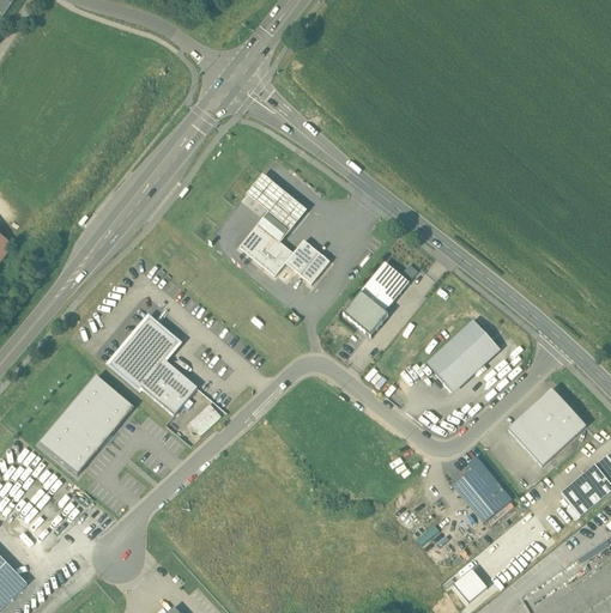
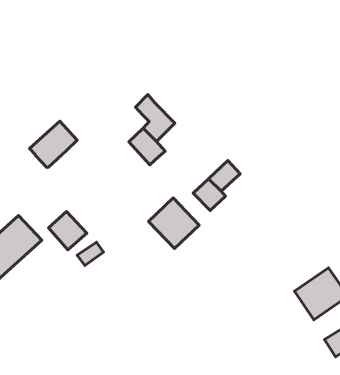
building: [285,239,329,284] -> none
building: [110,318,177,388] -> [29,121,77,168]
building: none -> [148,198,199,249]
building: [428,321,497,389] -> none
building: [453,462,512,522] -> none

